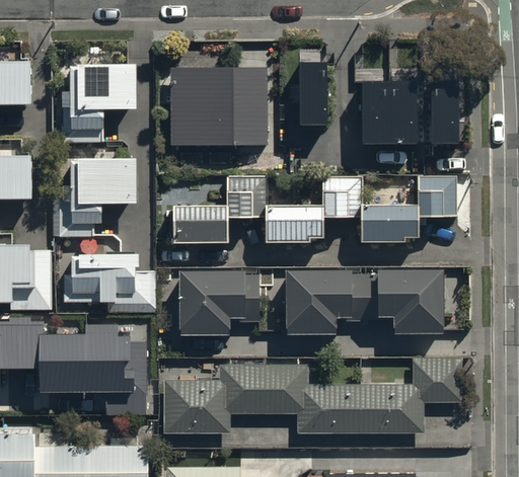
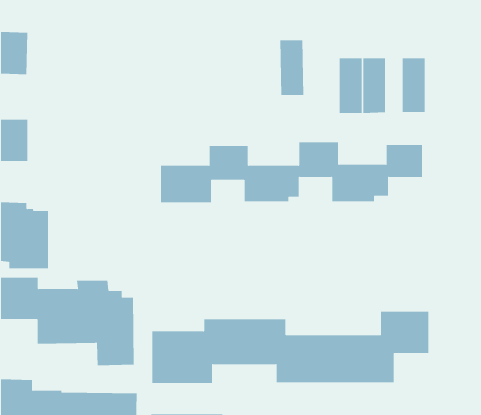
building: [63,57,135,144] -> none
building: [176,76,275,136] -> none
building: [60,155,135,238] -> none
building: [64,250,155,311] -> none
building: [179,266,258,333] -> none
building: [284,266,441,333] -> none

